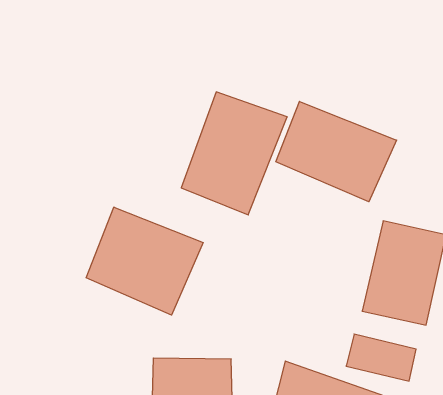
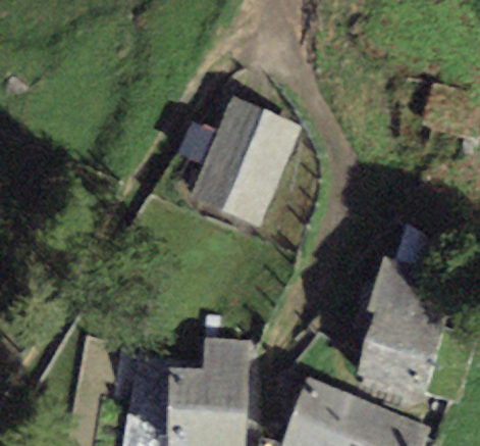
building: [276,101,397,202] -> none
building: [86,207,203,315] -> none

